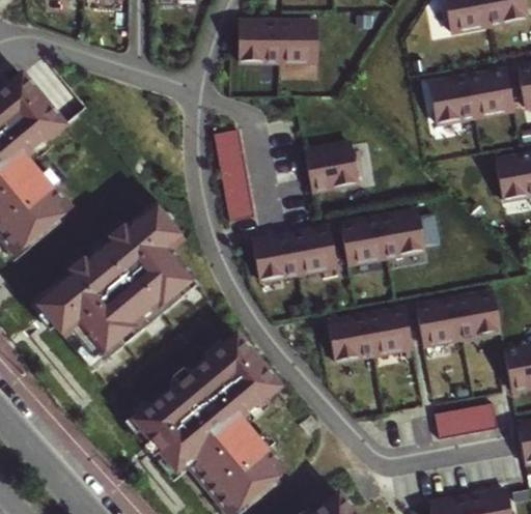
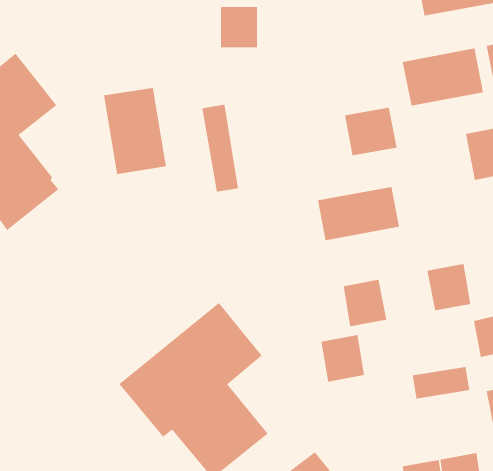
building: [277,21,317,64] -> none
building: none -> [103,87,167,175]
building: [303,140,359,191] -> [344,107,397,156]
building: [35,202,202,368] -> none
building: [251,226,337,283] -> none
building: [415,297,463,347] -> none
building: [327,314,373,364] -> [320,335,365,382]

